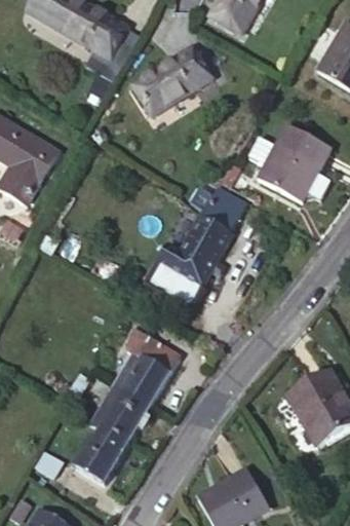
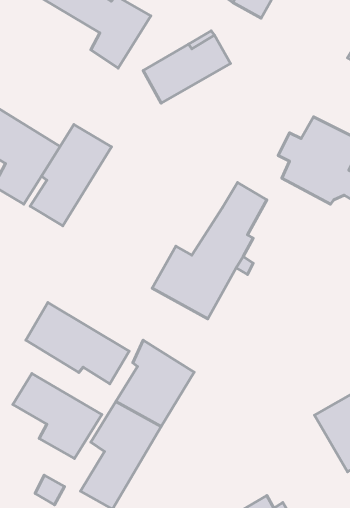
building: none -> [30,124,112,226]
building: none -> [26,302,129,384]
building: none -> [13,373,102,458]

